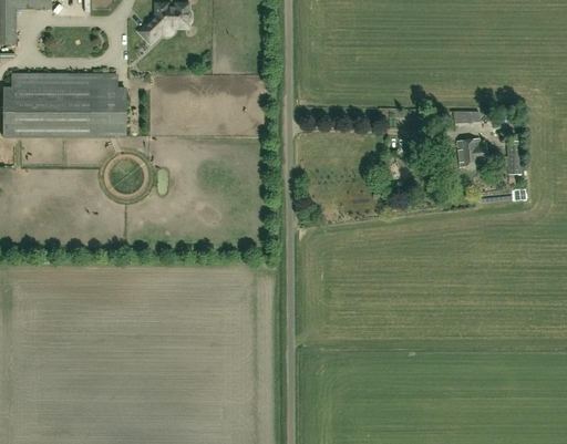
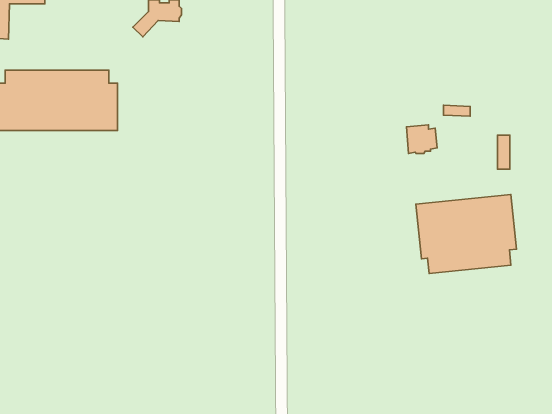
building: [456,138,487,167] -> [406,125,437,153]
building: none -> [416,195,516,273]

